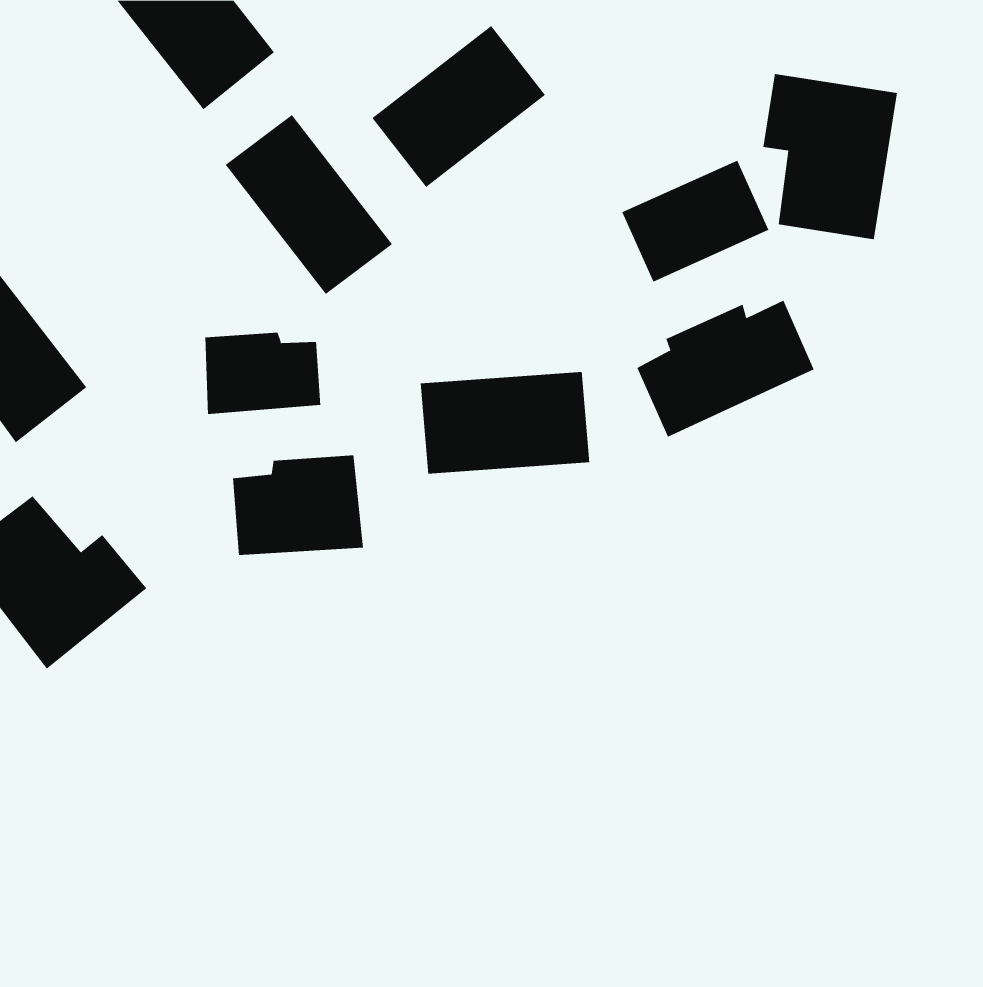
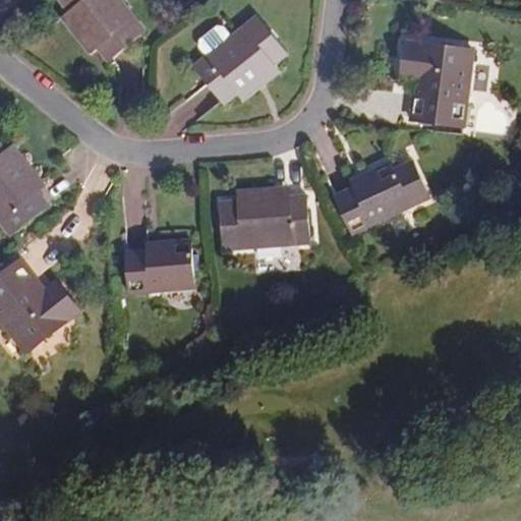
building: [225,114,393,295] -> none
building: [621,160,769,282] -> none
building: [205,332,321,415] -> none

